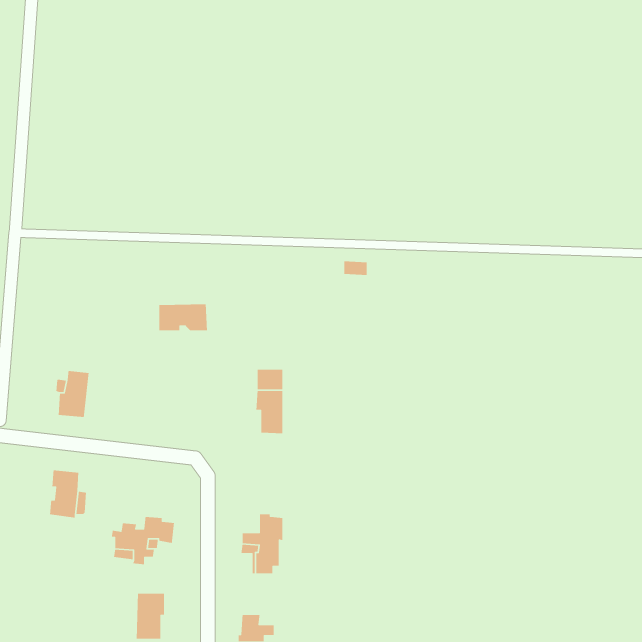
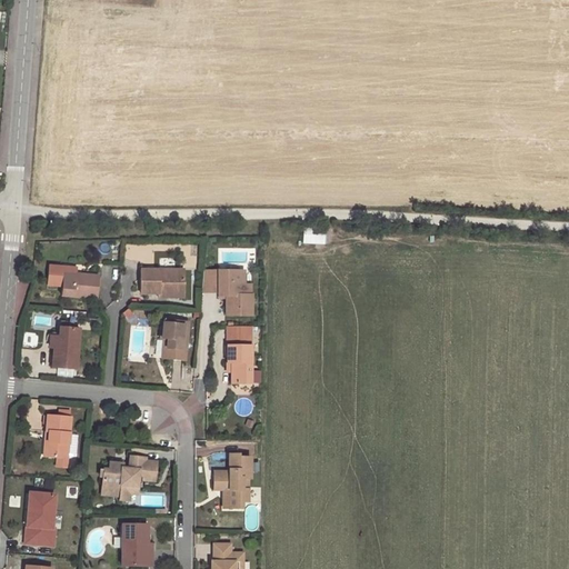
building: none -> [48,269,99,299]
building: none -> [201,269,251,312]
building: none -> [160,319,188,360]
building: none -> [27,491,56,545]

